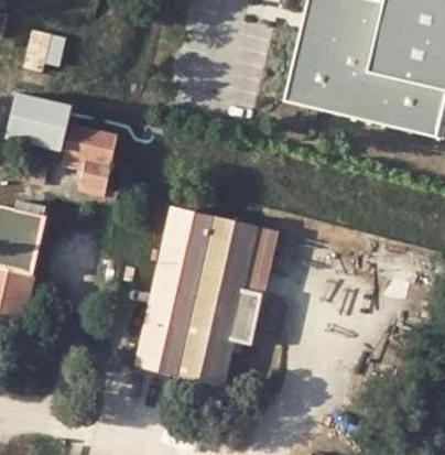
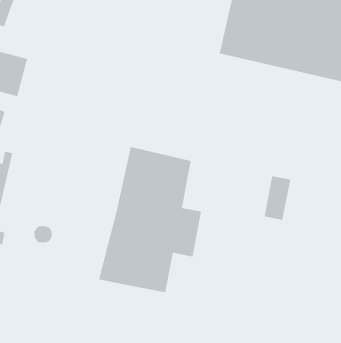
building: [62,124,117,194] -> none
building: [245,231,276,284] -> [264,176,291,221]

